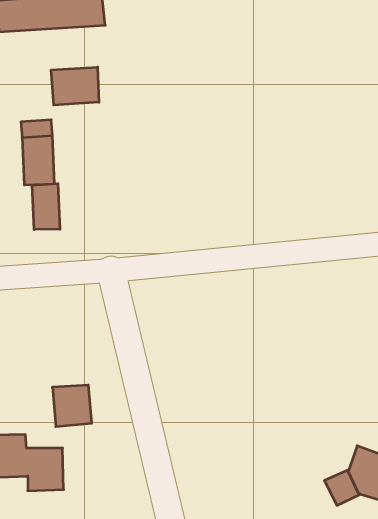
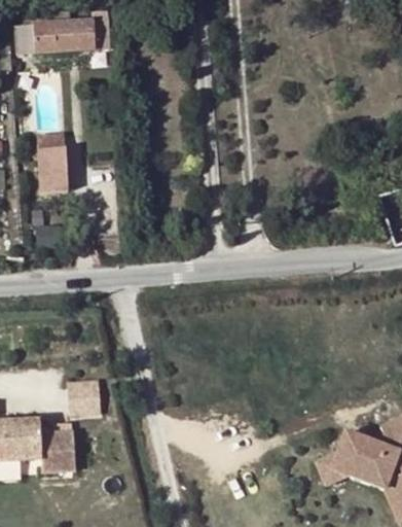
building: [51,67,99,105] -> none
building: [32,184,60,230] -> none

